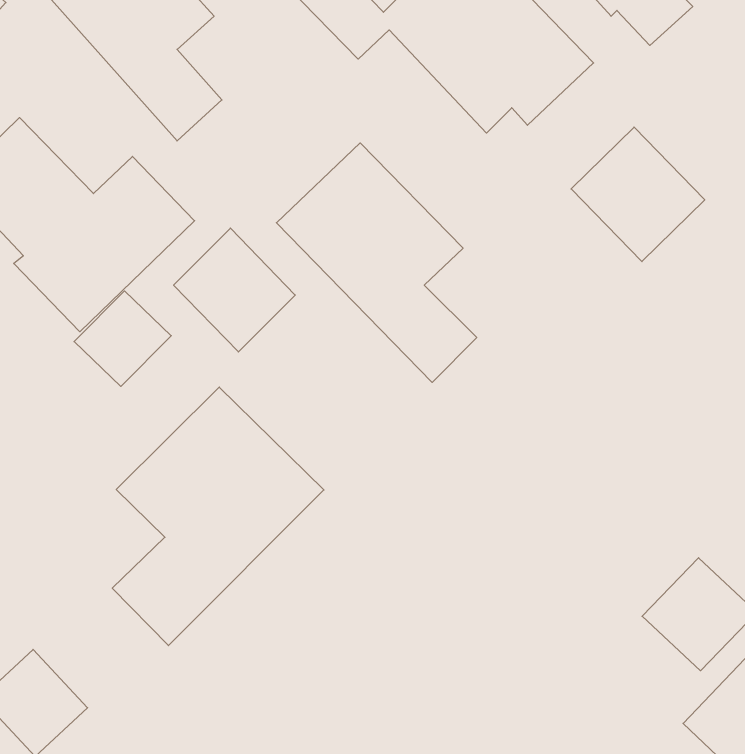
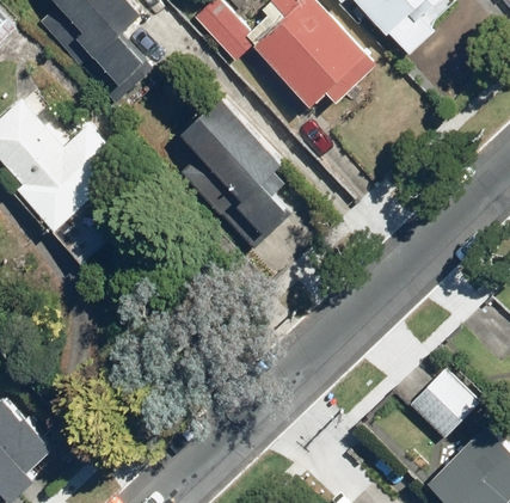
building: [571,127,705,262] -> none
building: [174,228,295,352] -> none
building: [112,387,324,646] -> none

